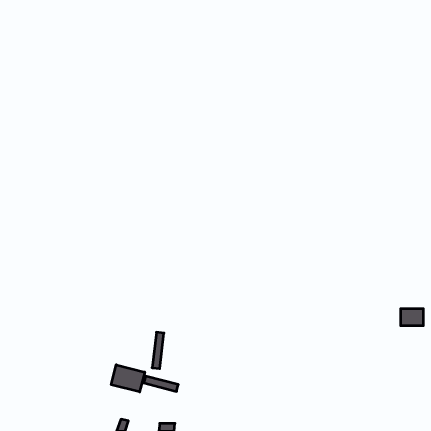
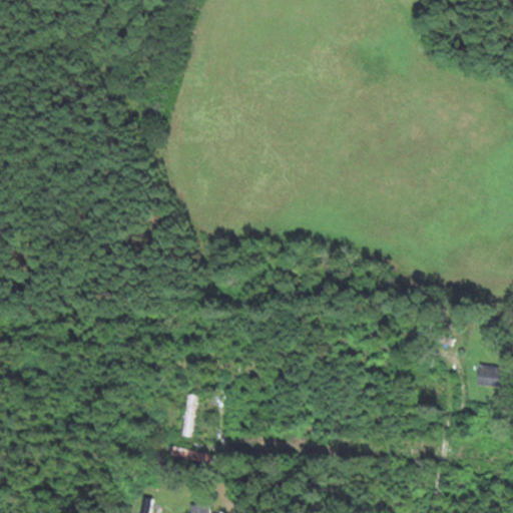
building: [111,365,145,392] -> none

